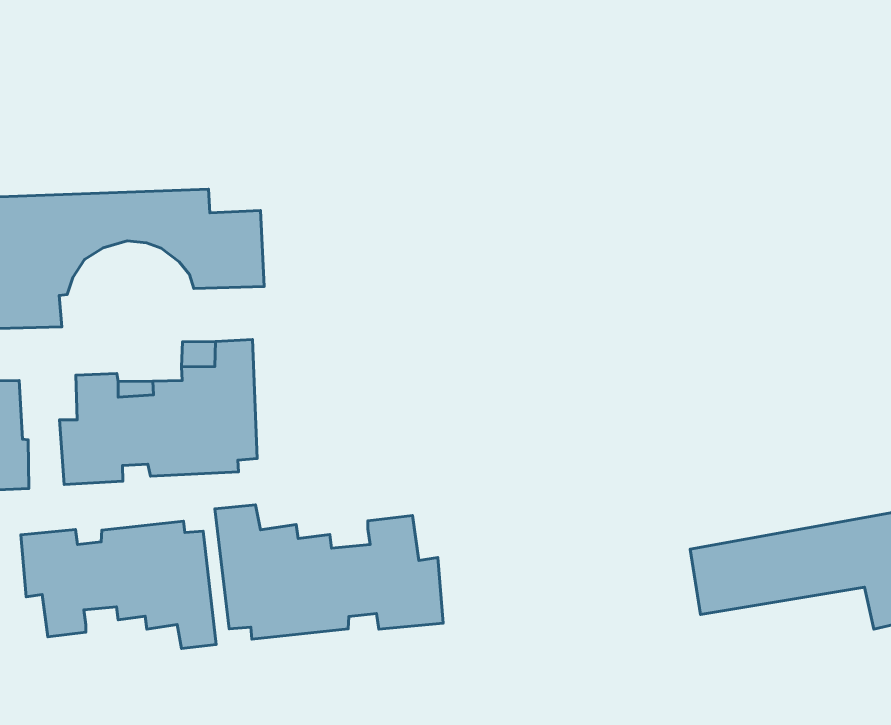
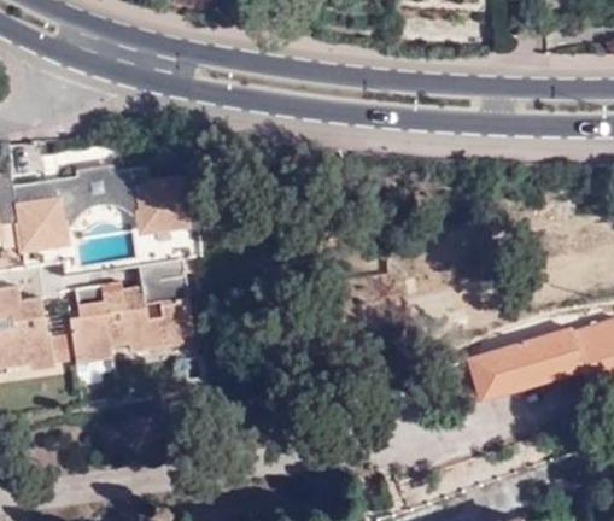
building: [215,505,443,639] -> none
building: [21,521,216,648] -> none

